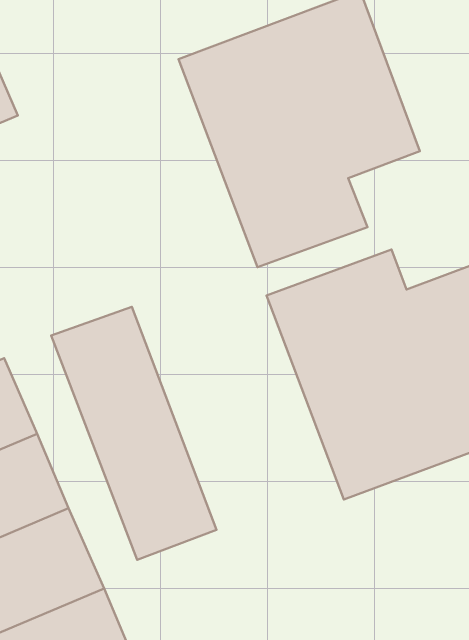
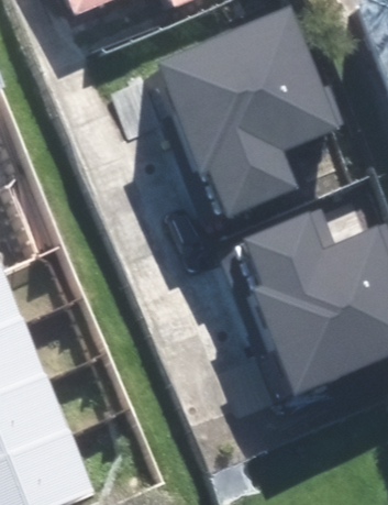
building: [51,307,216,560] -> none

